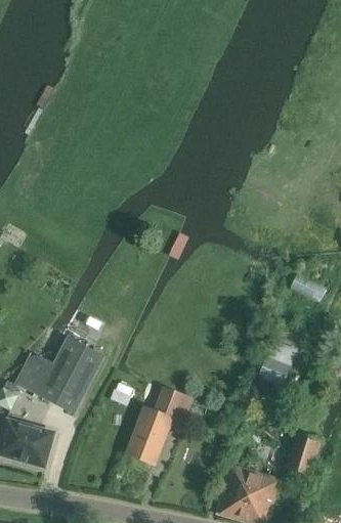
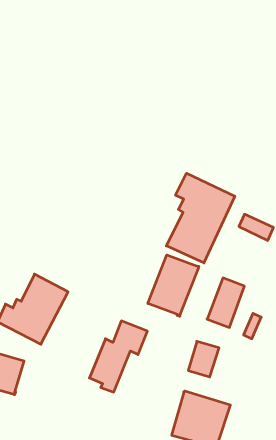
building: none -> [166,173,235,263]
building: none -> [148,255,199,316]
building: [286,434,319,473] -> [188,341,219,377]

